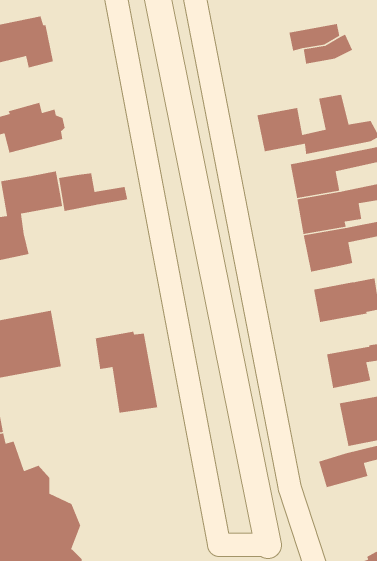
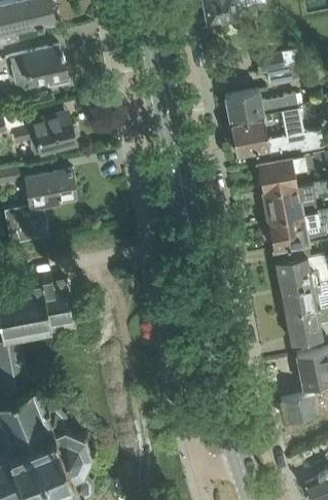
building: none -> [225,90,298,120]
building: [58,172,128,212] -> none
building: none -> [281,283,321,315]
building: [95,331,158,414] -> none

